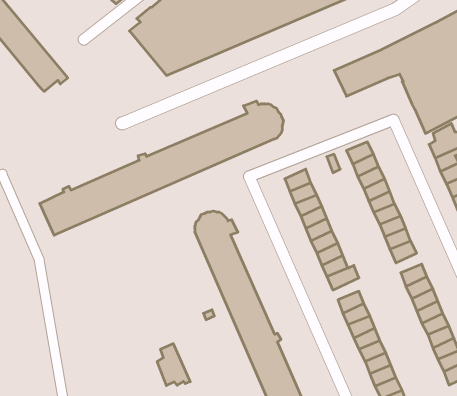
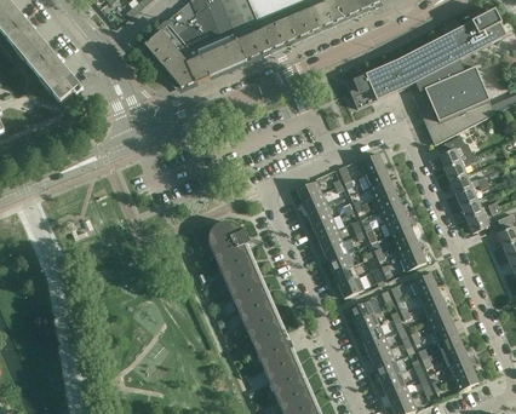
building: [40,101,283,235] -> none
building: [157,344,190,386] -> none

